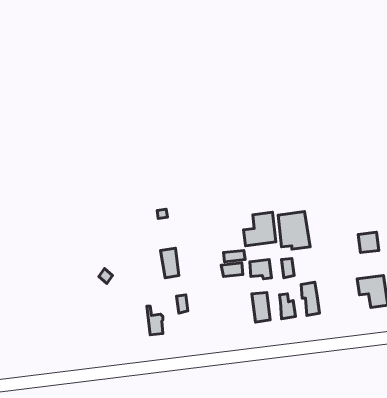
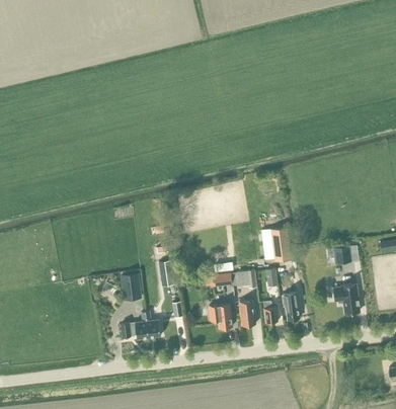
building: [244,212,276,246] -> none
building: none -> [121,272,142,300]
building: none -> [209,304,232,328]
building: none -> [121,312,149,338]

